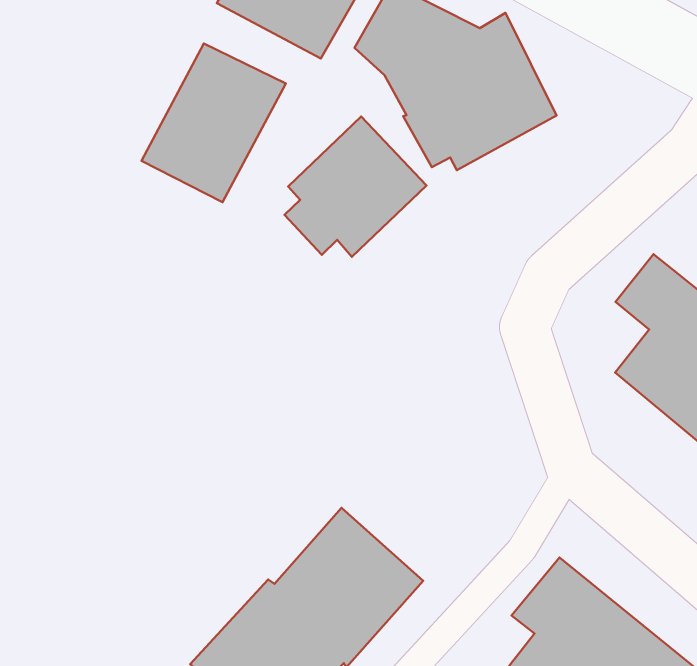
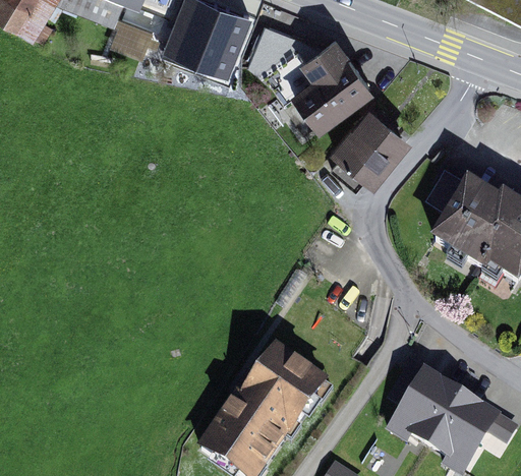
building: [142,44,286,202] -> none
building: [285,117,427,257] -> [331,105,414,191]

